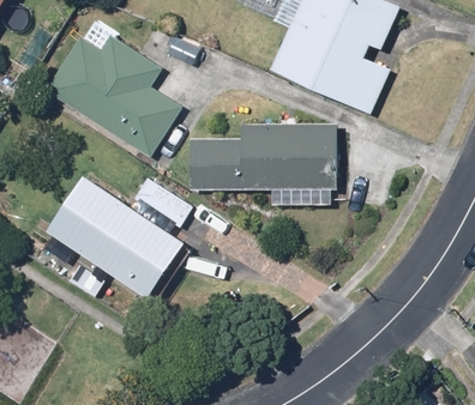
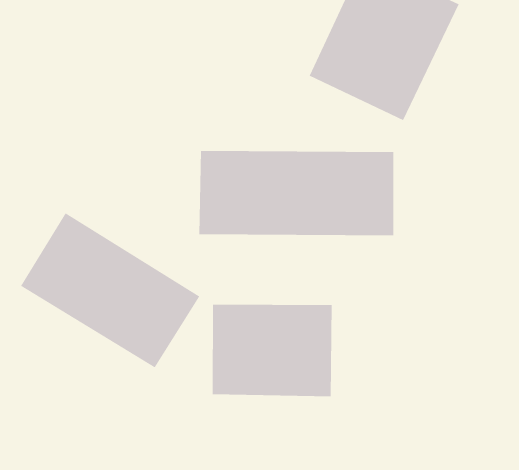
building: [44,26,187,156] -> none
building: none -> [212,304,332,397]

